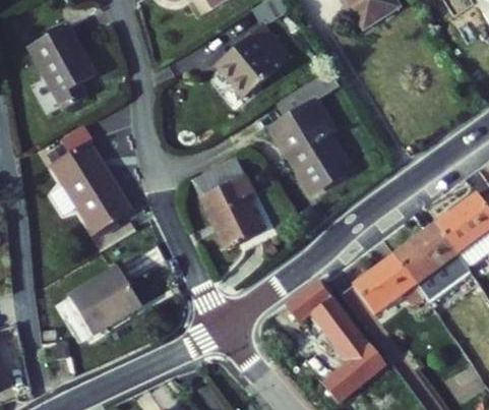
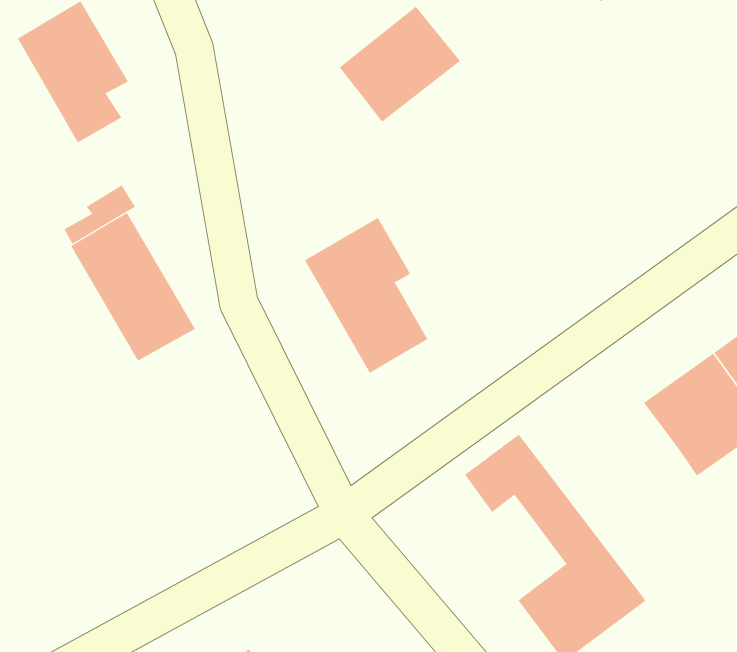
building: [270,95,353,193] -> none
building: [350,259,414,318] -> none
building: [67,273,140,342] -> none

